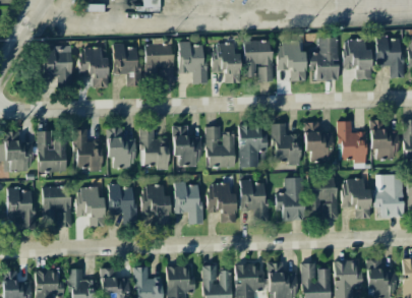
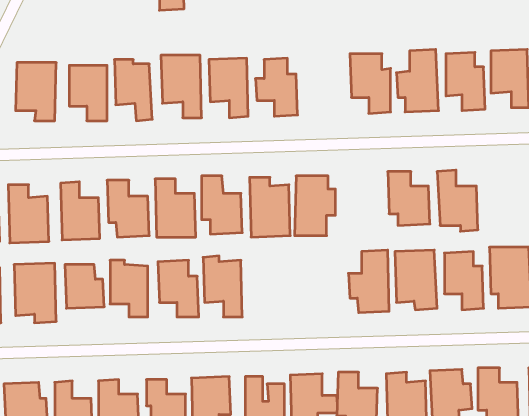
building: [243,40,273,82] -> none
building: [369,120,398,159] -> none
building: [273,123,300,164] -> none
building: [240,181,267,221] -> none
building: [209,182,236,223] -> none

